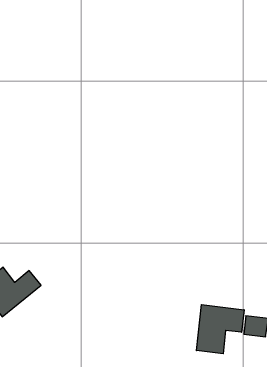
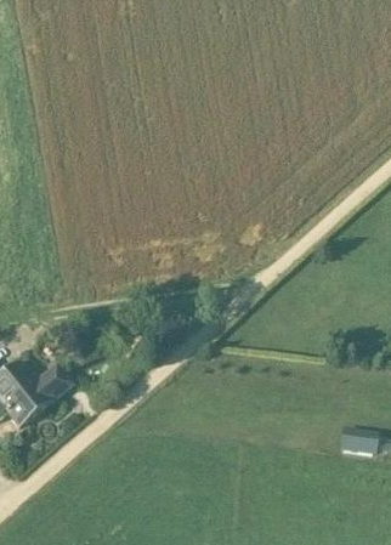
building: [196,305,244,354] -> none

